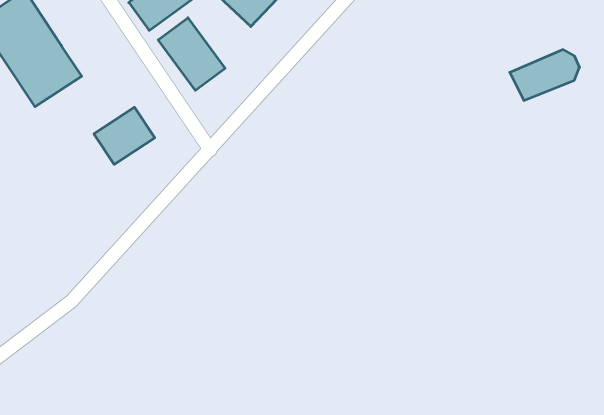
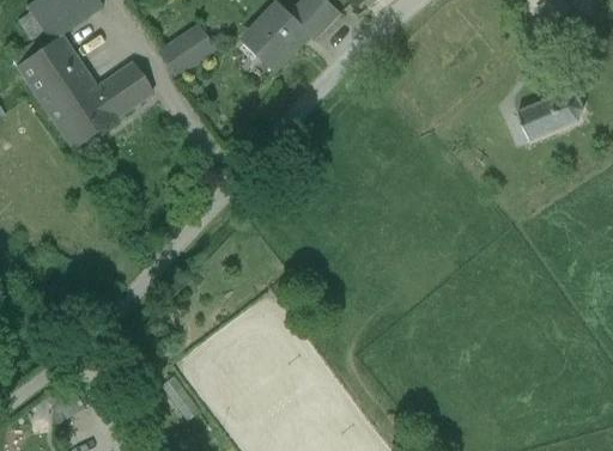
building: [158,18,225,90] -> none
building: [94,107,155,164] -> [96,63,153,117]

